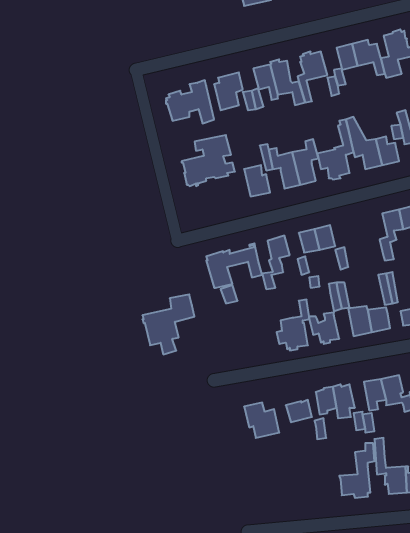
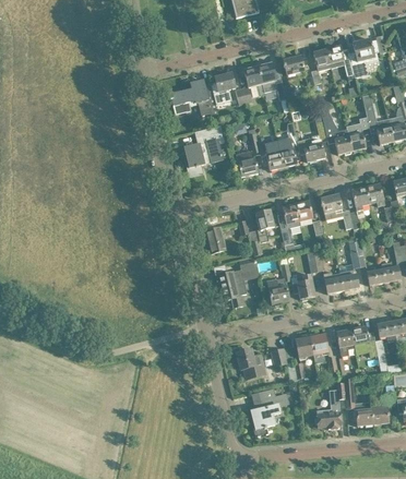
building: none -> [321,194,353,229]
building: [142,294,194,354] -> [216,258,260,308]
building: none -> [251,388,288,436]

